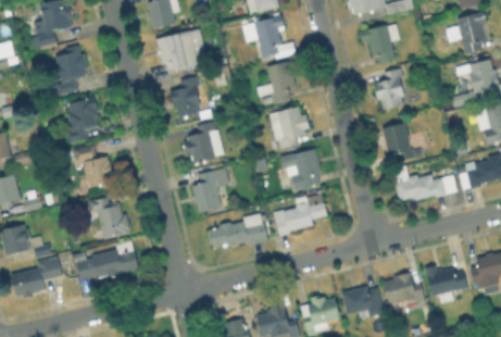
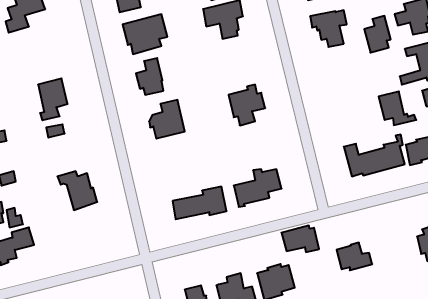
building: [50,45,88,97] -> none
building: [262,61,295,102] -> none
building: [376,68,404,108] -> [364,16,391,53]
building: [383,124,423,160] -> [379,91,416,125]
building: [283,149,321,188] -> none
building: [84,158,115,189] -> none
building: [191,167,228,211] -> none
building: [75,240,138,278] -> none
building: [425,264,464,302] -> none
building: [342,286,383,314] -> [281,226,319,252]

